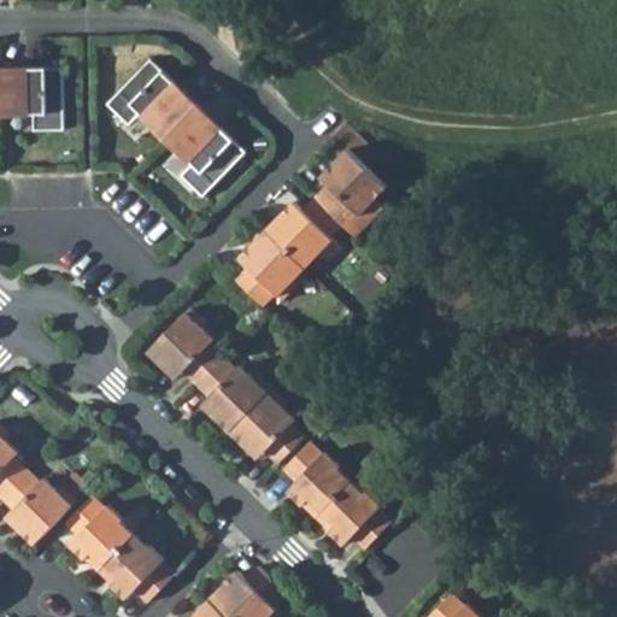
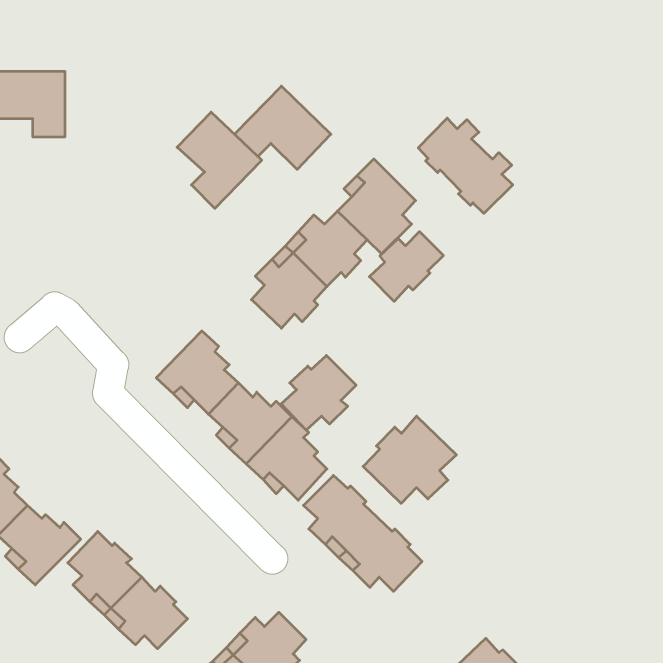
building: [106,61,195,139] -> [235,86,331,169]
building: none -> [418,118,513,213]
building: none -> [369,232,443,301]
building: none -> [281,355,356,430]
building: none -> [363,416,456,503]

